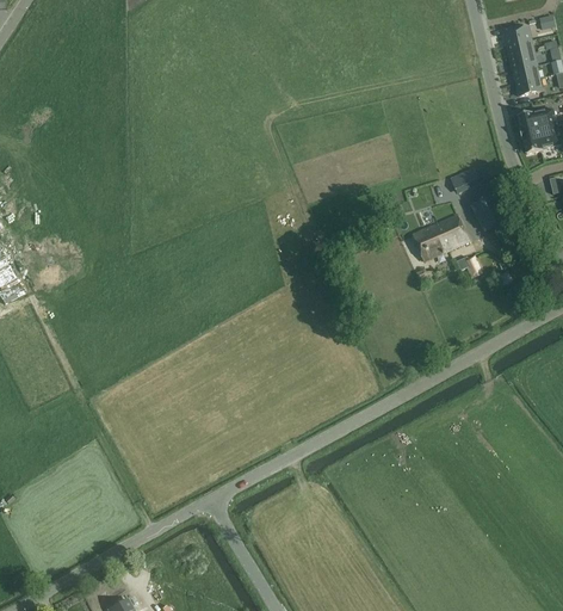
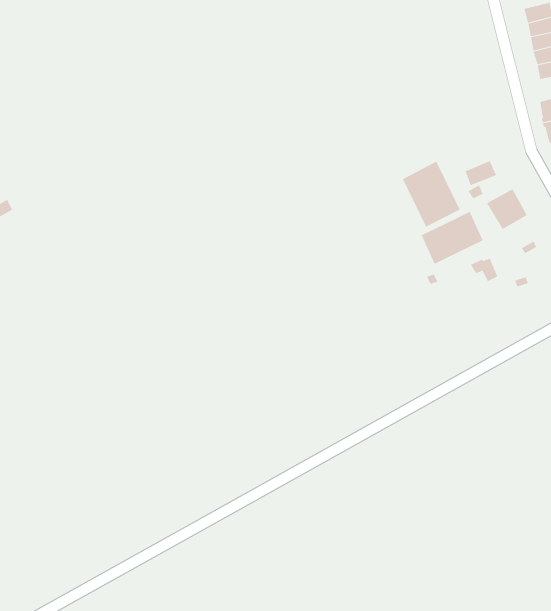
building: none -> [402,161,460,228]

